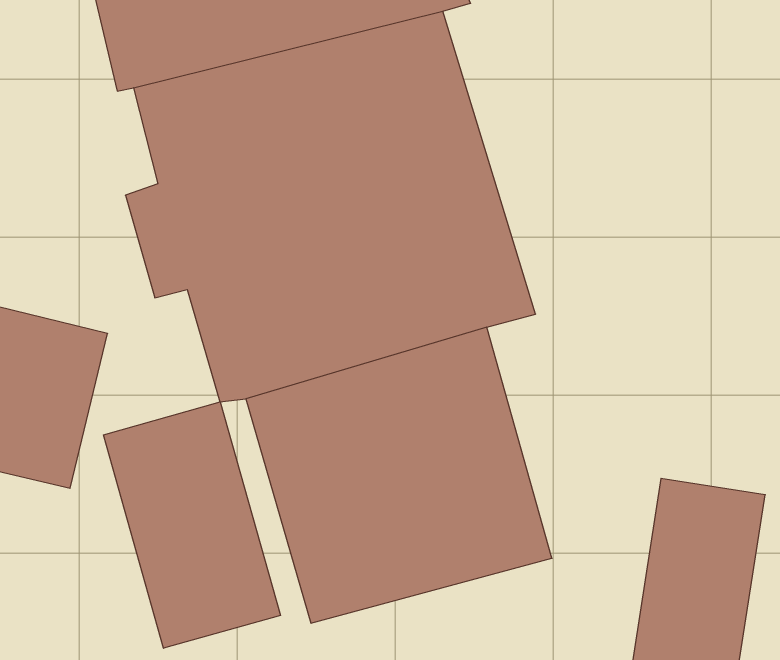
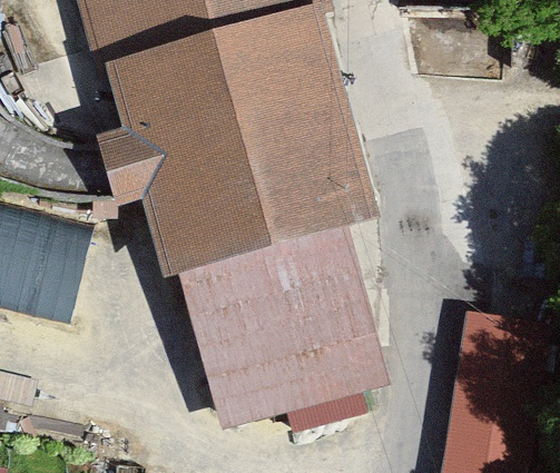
building: [103,402,280,648] -> none

